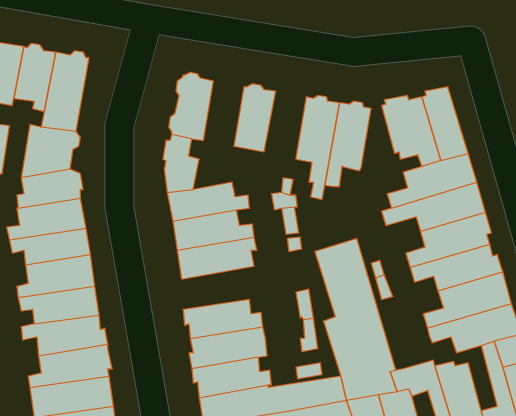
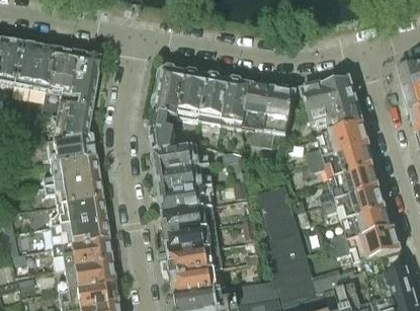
building: none -> [178,71,206,119]
building: none -> [221,79,250,127]
building: none -> [162,203,215,233]

